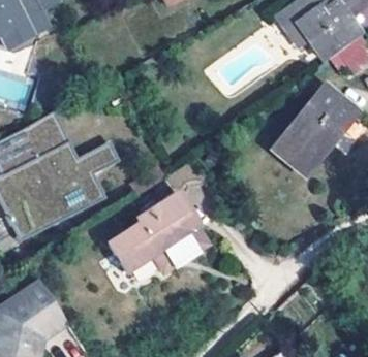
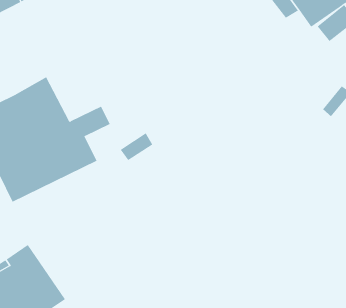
building: [274,88,355,172] -> none
building: [120,194,218,282] -> none

